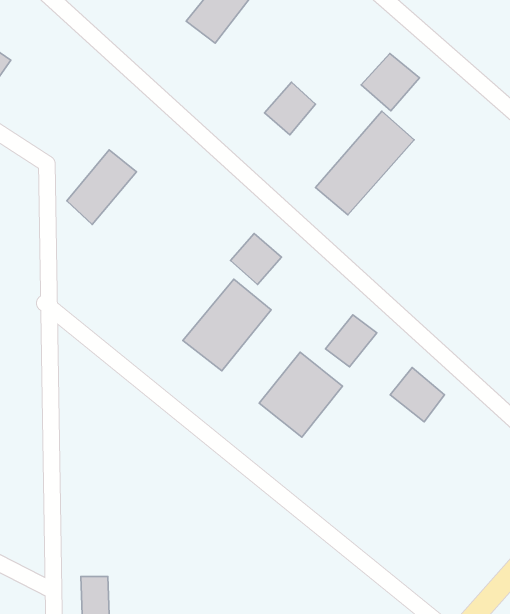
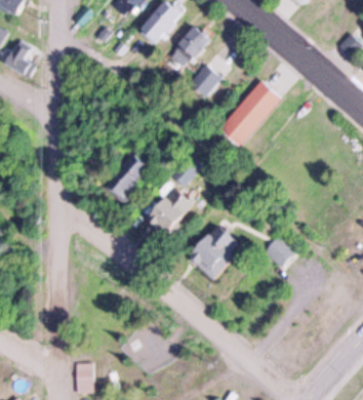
building: none -> [168,26,208,68]
building: [361,53,419,111] -> none
building: [67,150,136,225] -> [104,155,146,200]
building: [326,315,377,367] -> none

